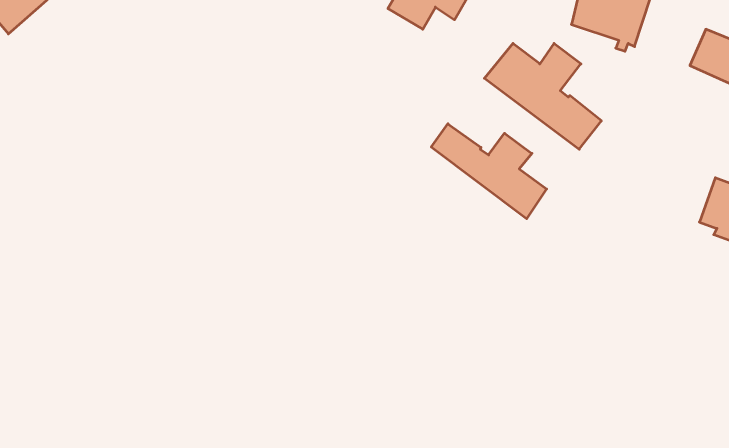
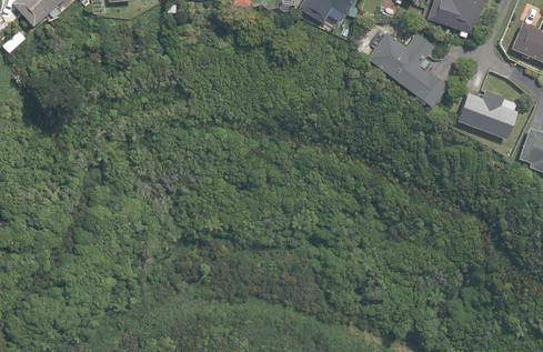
building: [431,124,547,219] -> none
building: none -> [455,90,515,139]

